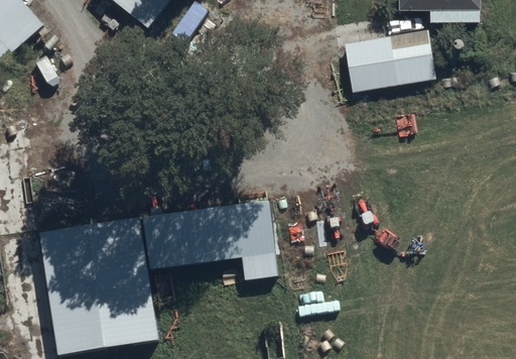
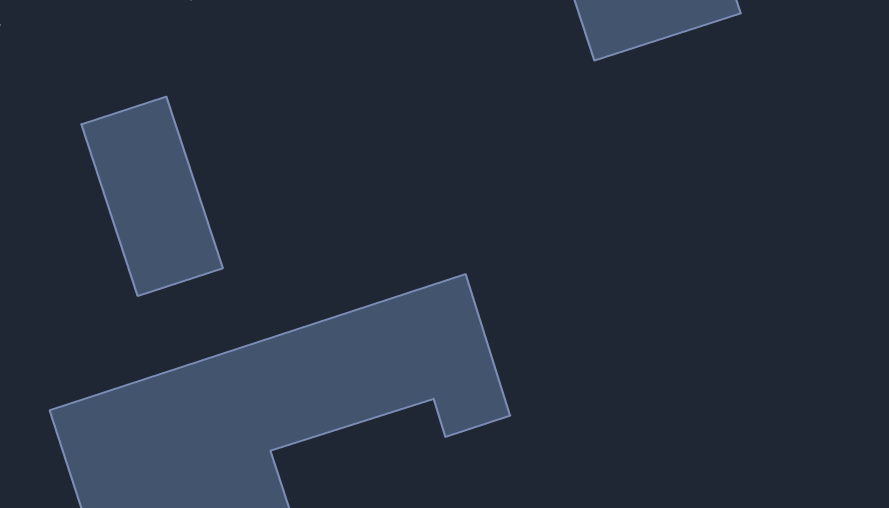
building: none -> [81,97,223,296]

